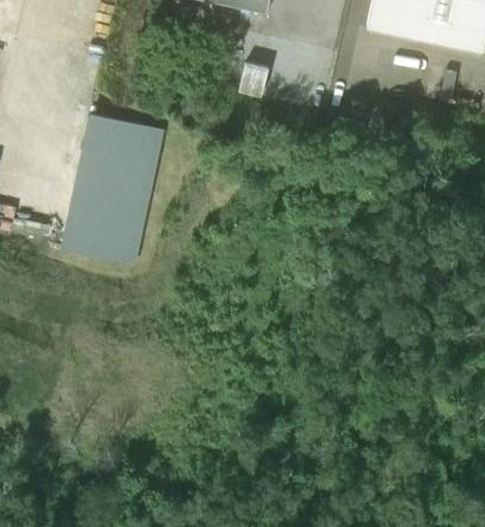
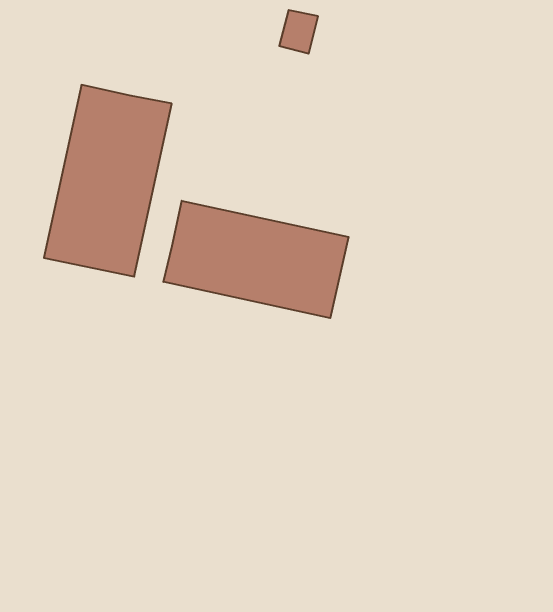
building: none -> [163,201,349,318]

